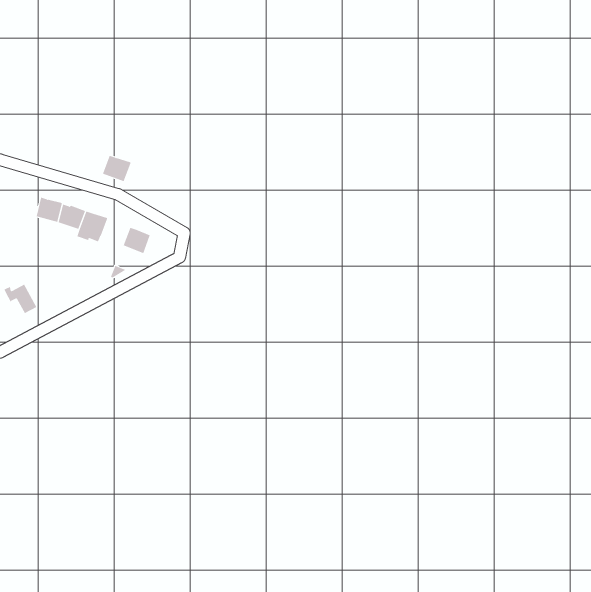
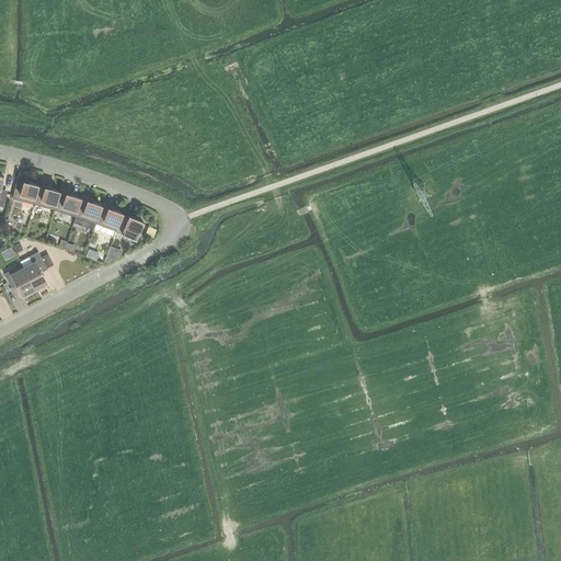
building: [102,155,131,182] -> [96,207,124,232]
building: none -> [13,181,39,205]
building: none -> [24,252,48,291]

